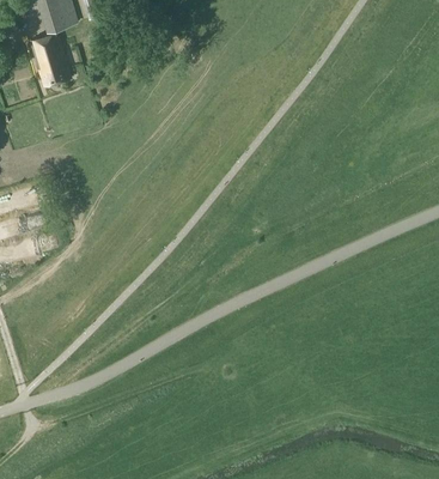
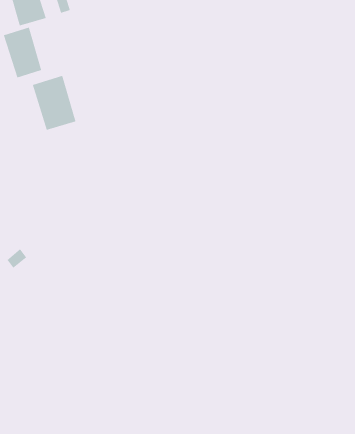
building: none -> [32,75,76,131]

